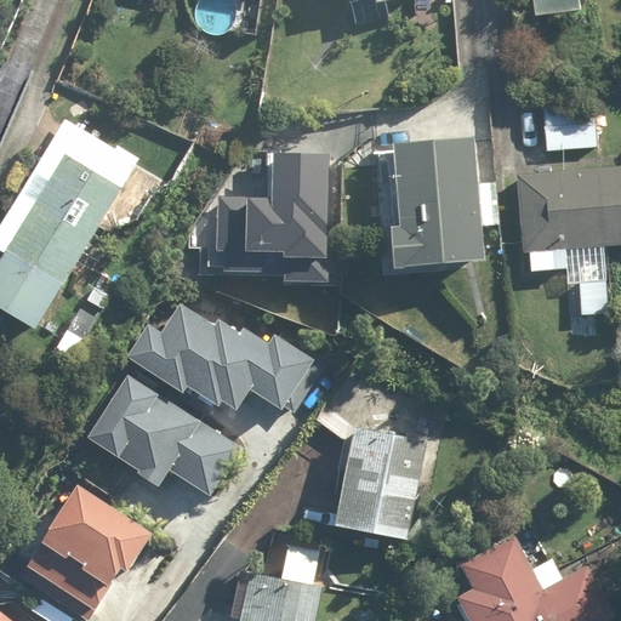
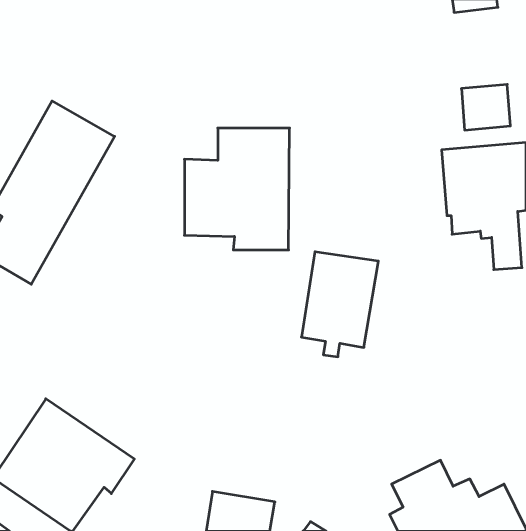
building: [388,137,485,269] -> none
building: [127,304,312,410] -> none
building: [84,372,240,497] -> none
building: [335,427,425,549] -> [301,252,378,357]

